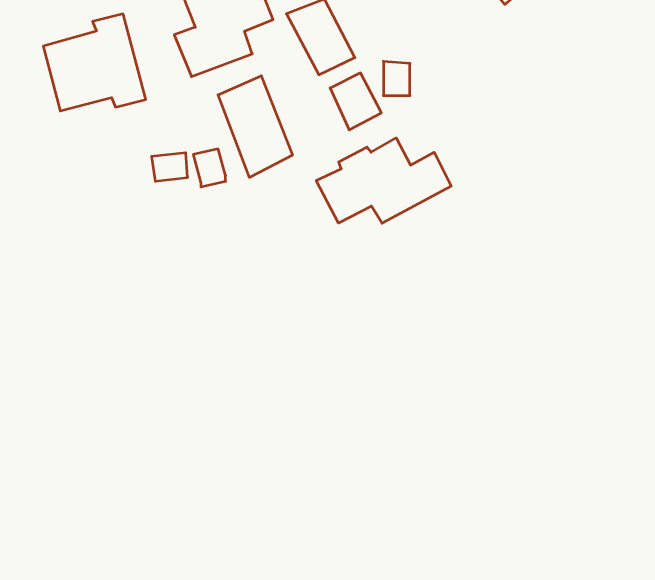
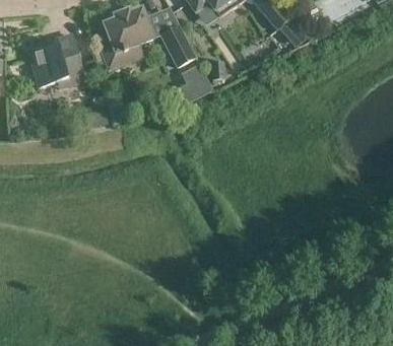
building: [218,76,292,177] -> none
building: [316,138,451,223] -> none

